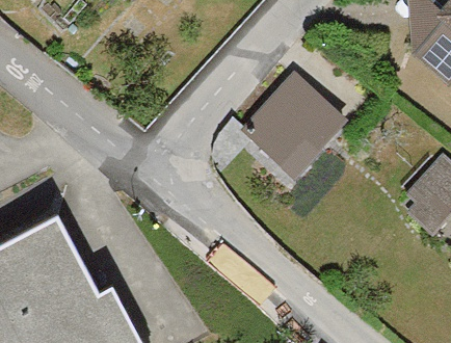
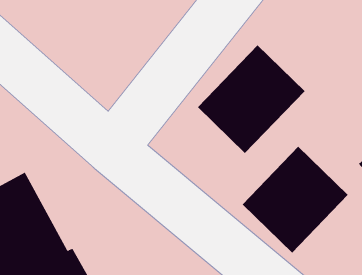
building: none -> [242,146,349,253]

